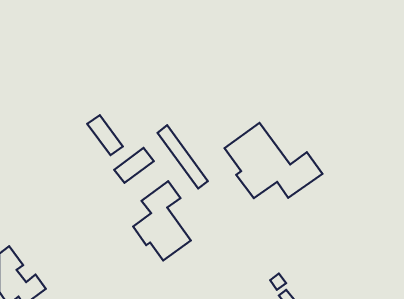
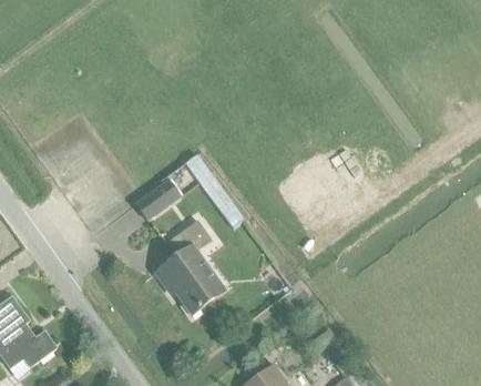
building: [87,115,123,155] -> none
building: [225,123,323,198] -> none

